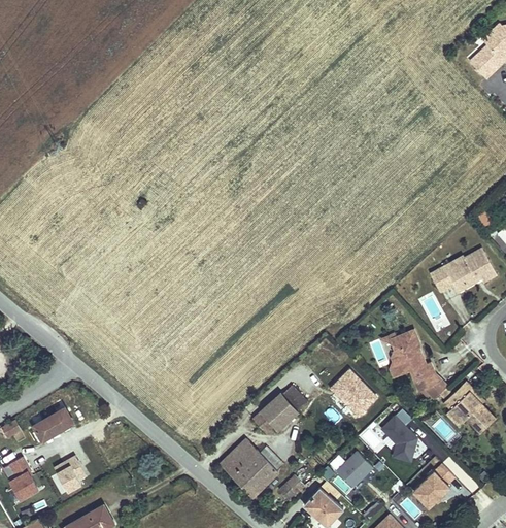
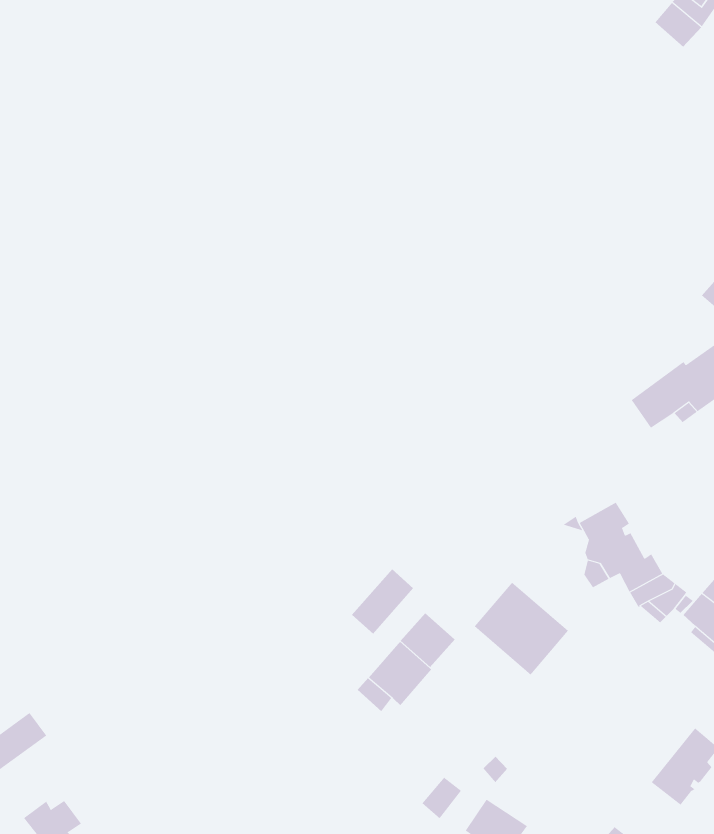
building: none -> [351,568,414,635]
building: [381,409,416,463] -> none
building: [225,441,277,495] -> none
building: [337,453,372,488] -> none

